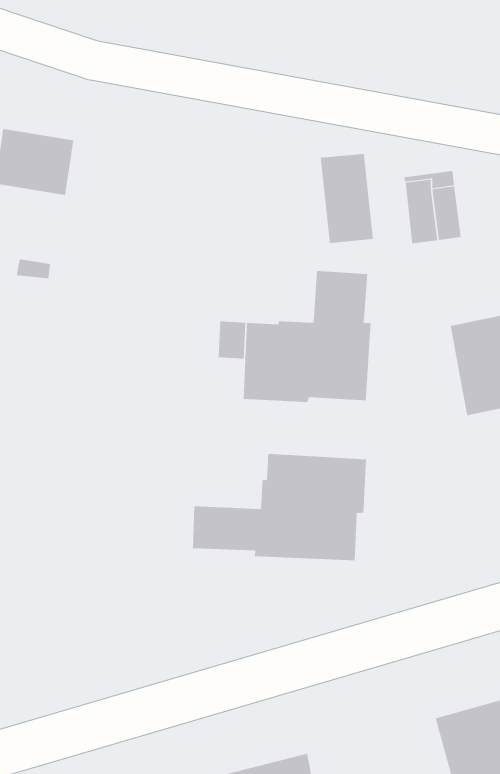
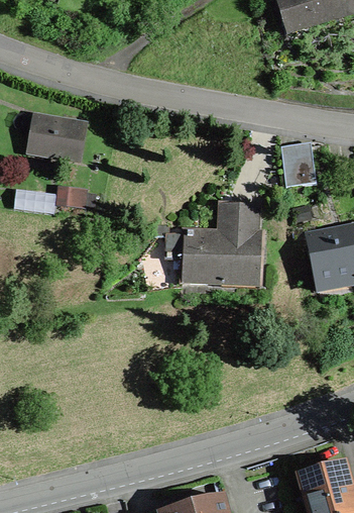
building: [320,153,373,244] -> none
building: [193,453,366,561] -> none

